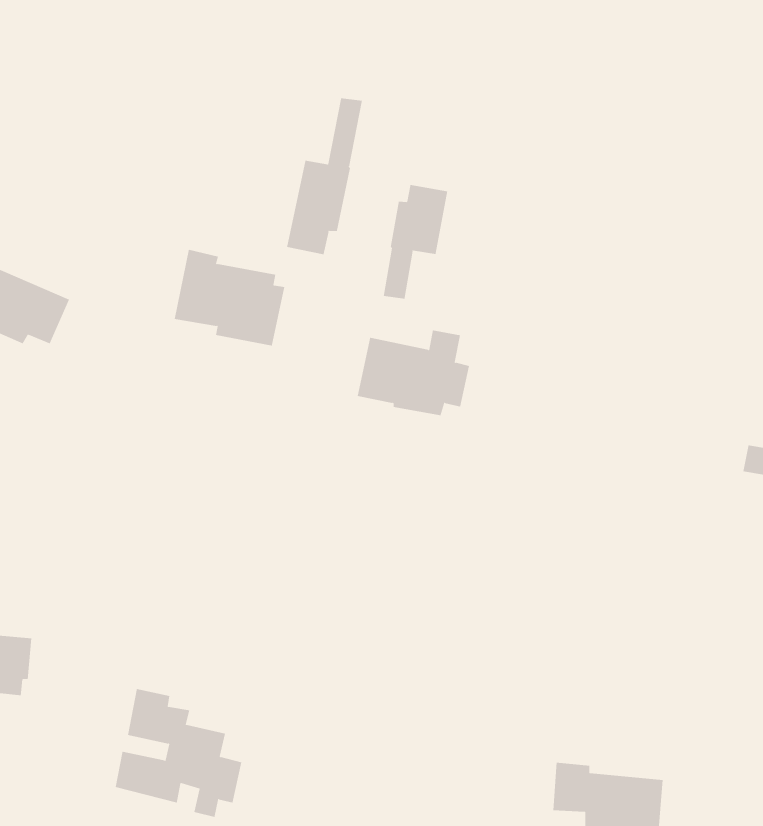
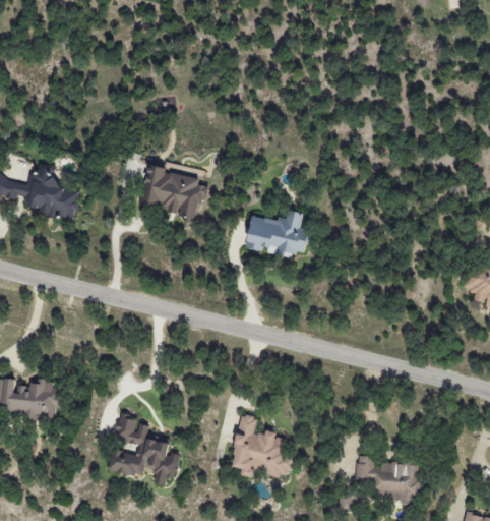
building: [287,97,363,255] -> none
building: [383,184,448,300] -> none
building: none -> [232,415,295,478]

